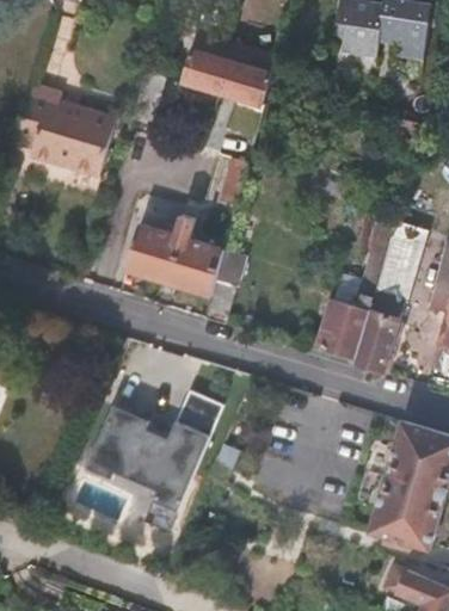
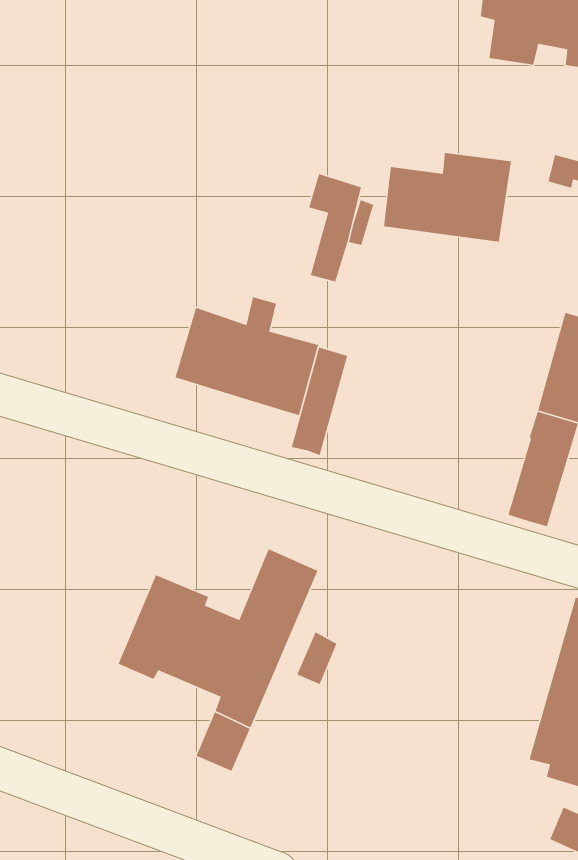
building: [184,47,272,109] -> [383,152,512,243]
building: [13,82,117,175] -> none
building: [319,218,395,359] -> none

